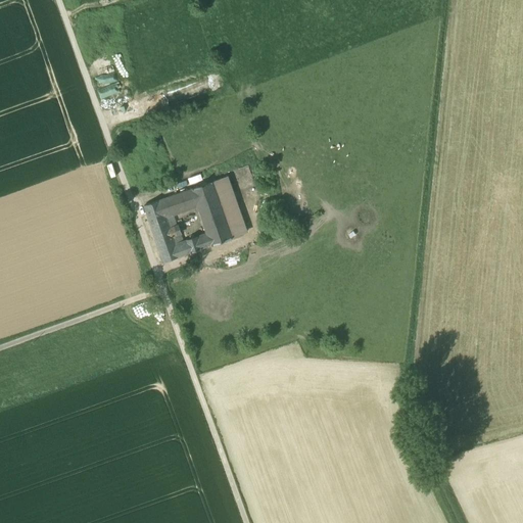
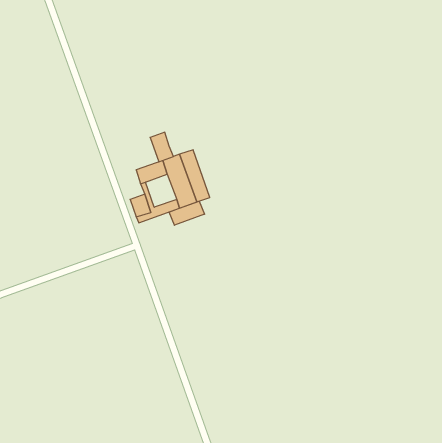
building: [143,200,171,235] -> [150,132,173,162]
building: none -> [169,201,205,225]

